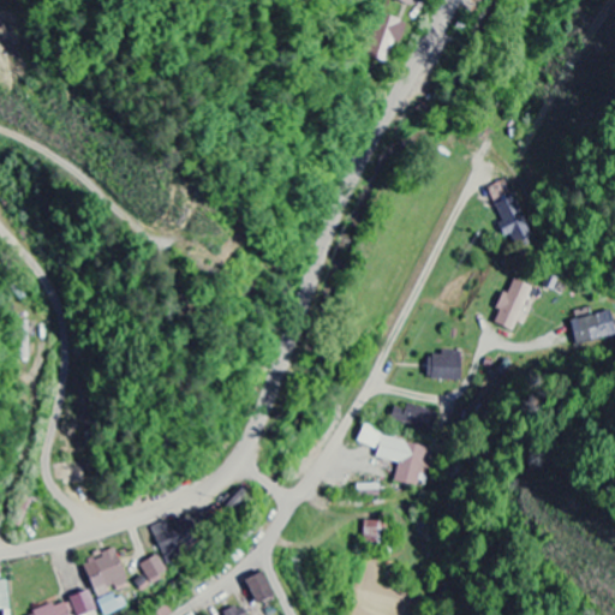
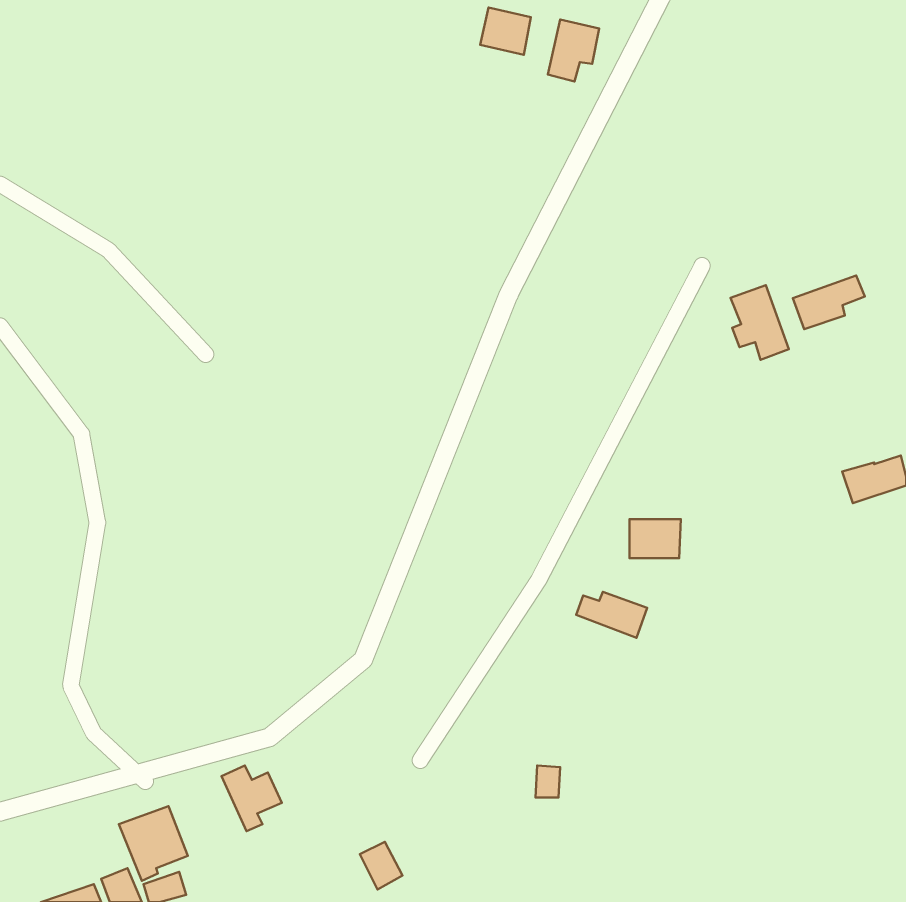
building: none -> [480,8,531,55]
building: none -> [793,275,865,329]
building: [494,279,532,330] -> none
building: [358,430,435,485] -> none
building: [133,553,171,591] -> none

